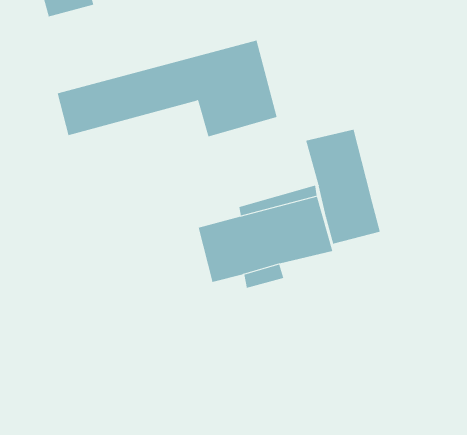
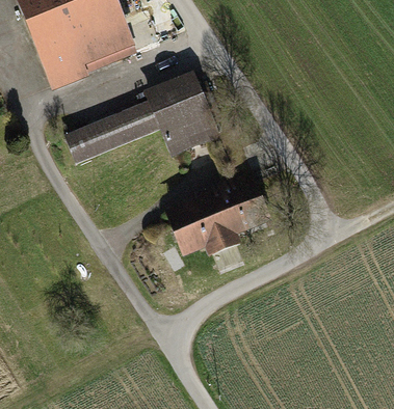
building: [306,129,380,245] -> none

